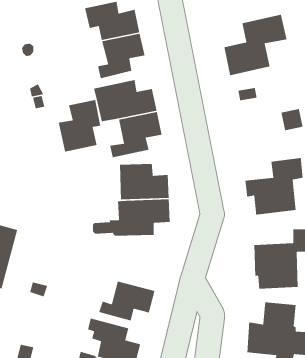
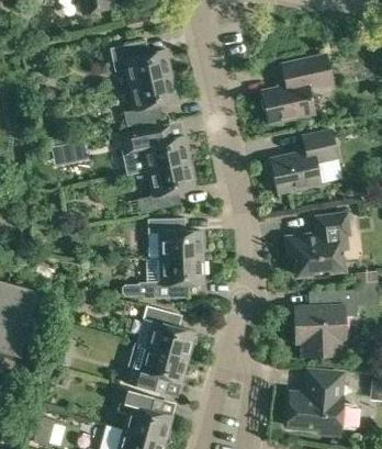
building: none -> [270,130,337,192]
building: [58,99,101,153] -> none
building: none -> [136,305,195,358]

